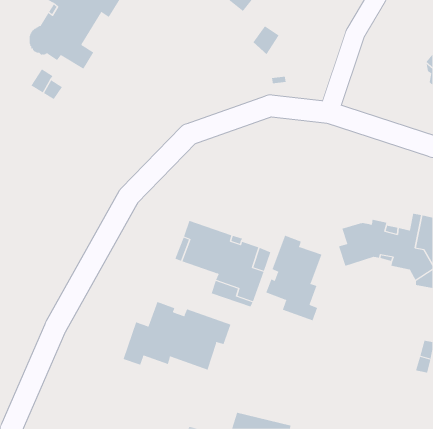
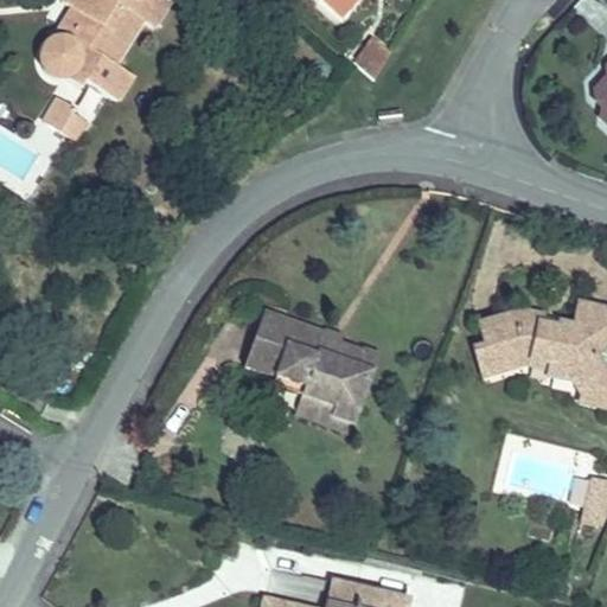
building: [266,235,322,321] -> none
building: [123,301,231,370] -> none

